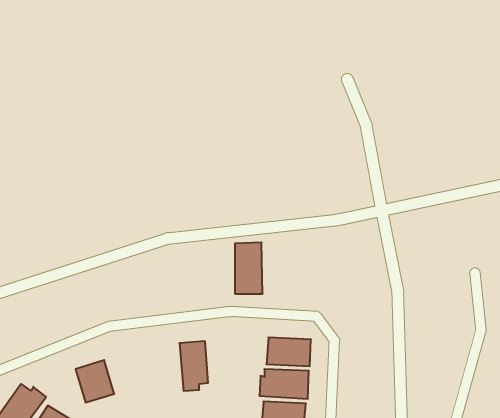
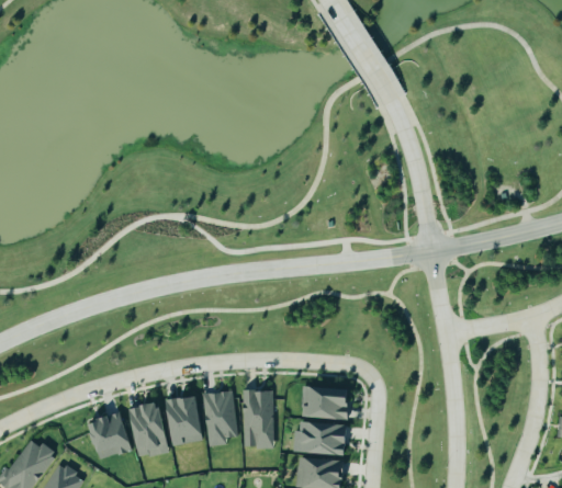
building: [235,242,263,294] -> [241,390,272,447]
building: none -> [166,396,202,445]
building: none -> [130,404,167,457]

